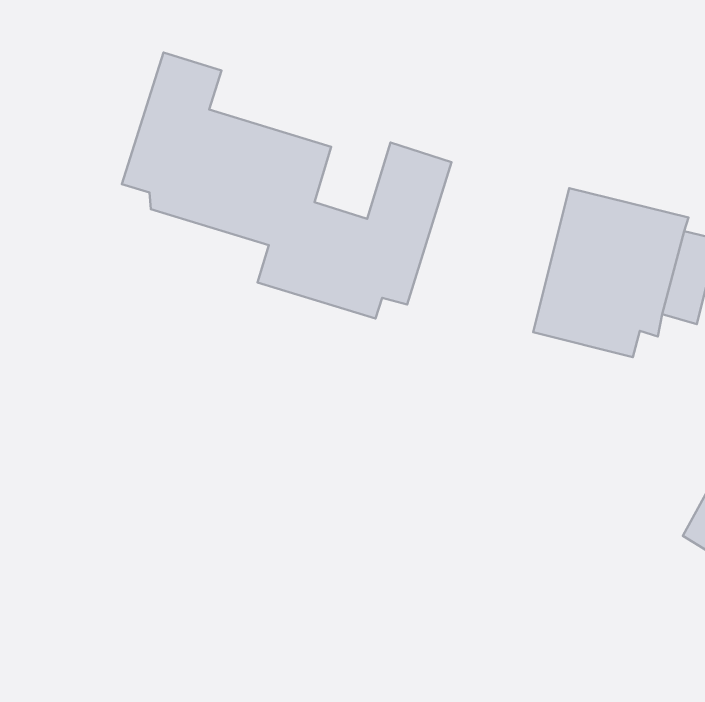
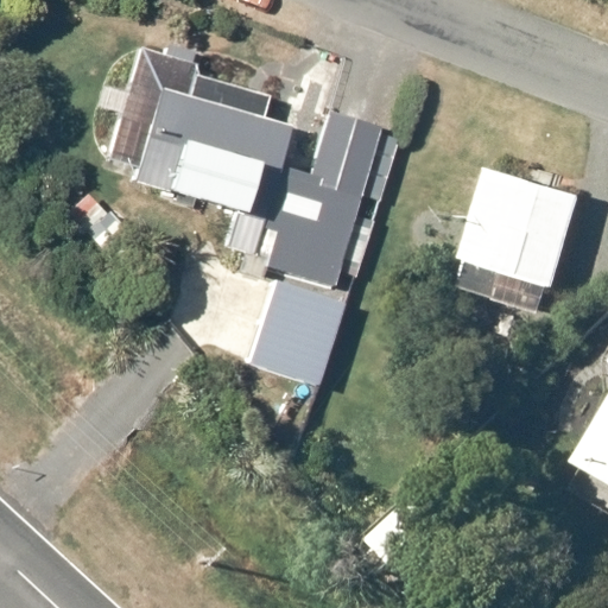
building: none -> [247,277,343,384]

